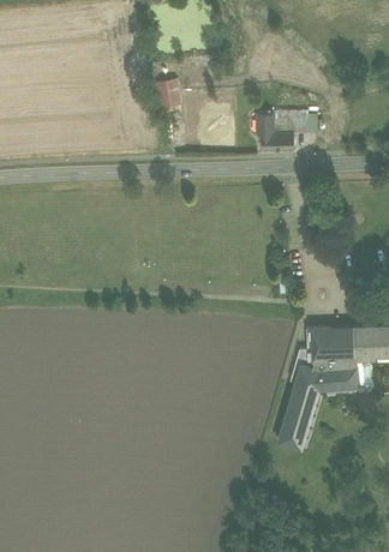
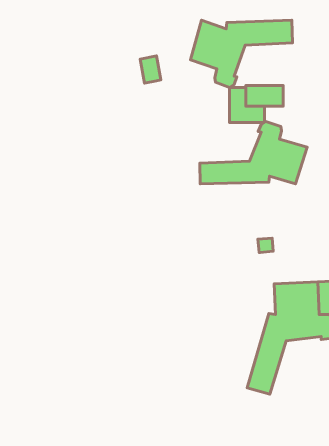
building: none -> [190,20,292,88]
building: none -> [200,122,307,184]

